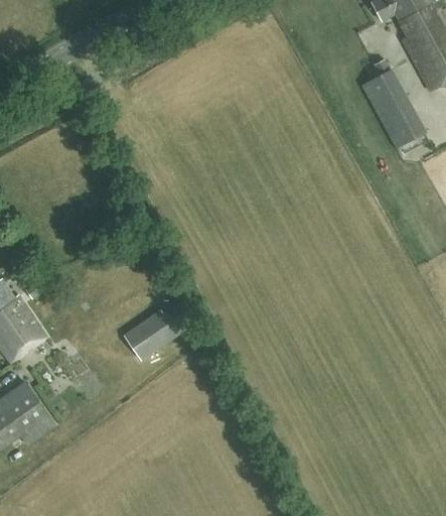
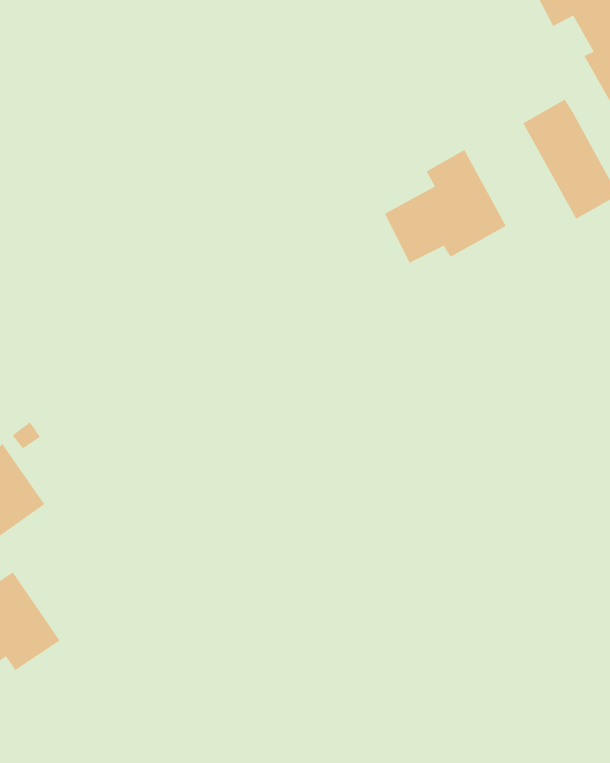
building: none -> [384,149,506,264]
building: [124,297,199,360] -> none

